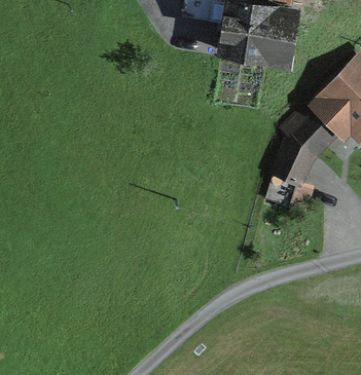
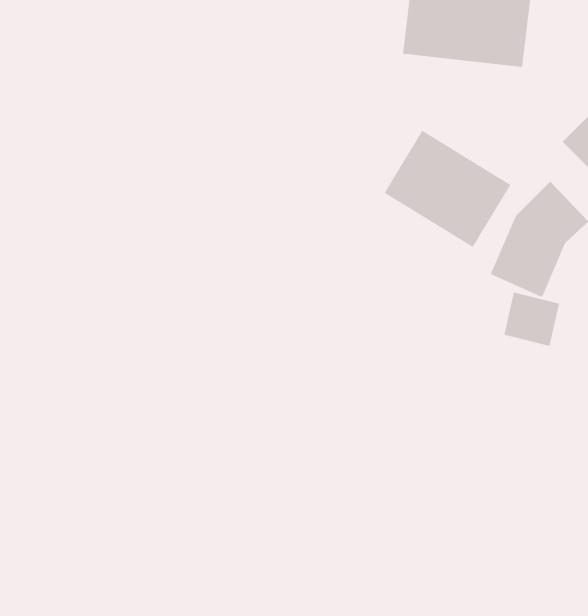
building: none -> [384,130,511,248]

